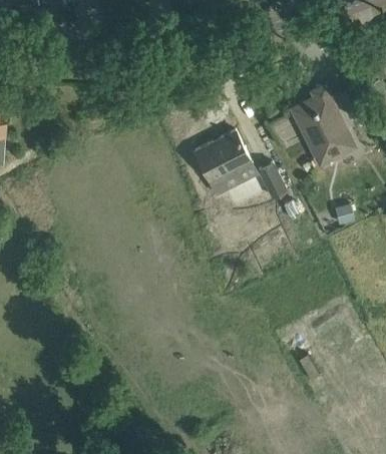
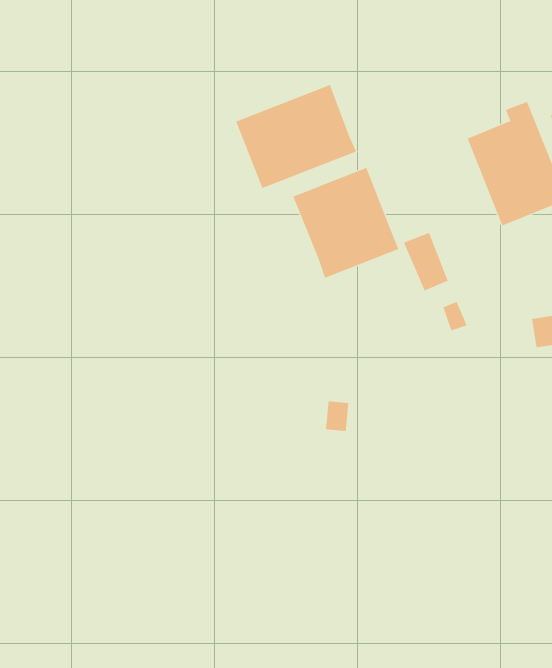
building: none -> [236,84,357,189]

